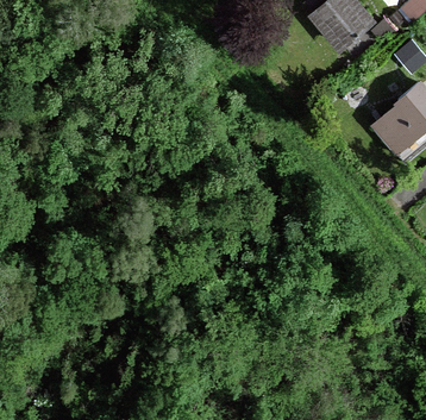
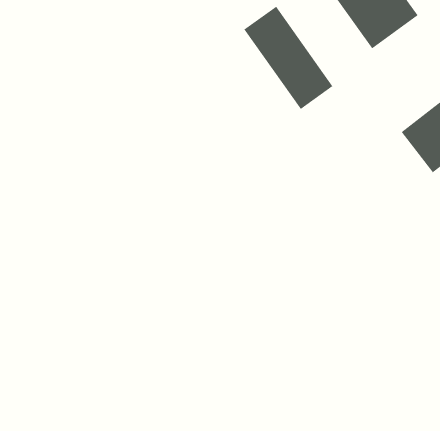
building: none -> [244,6,333,110]

